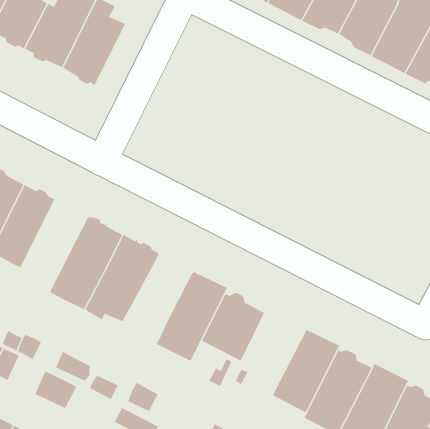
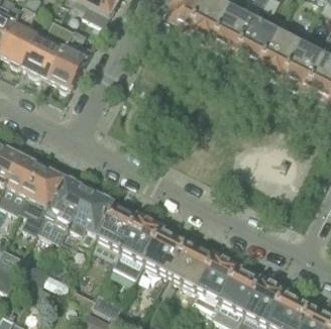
building: none -> [20,168,66,235]
building: none -> [91,205,136,261]
building: none -> [171,245,215,292]

